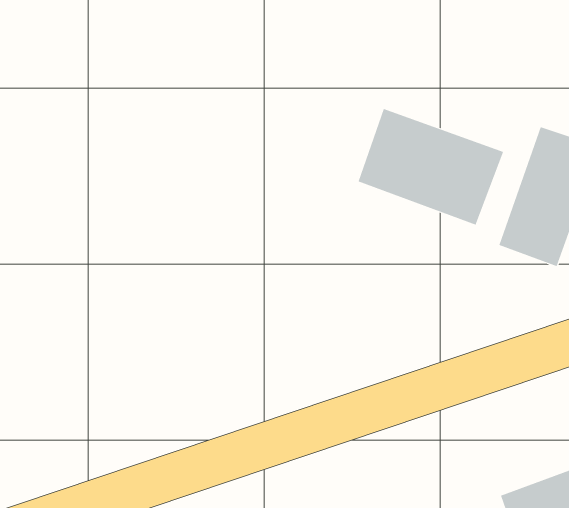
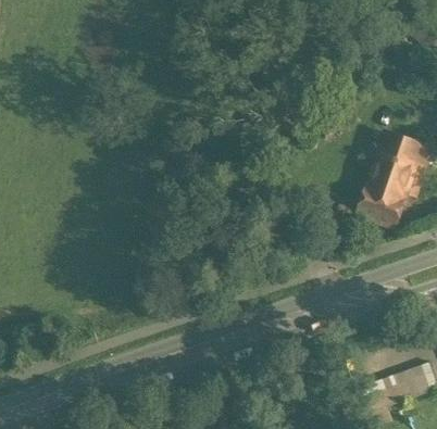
building: [358,108,504,226] -> none

